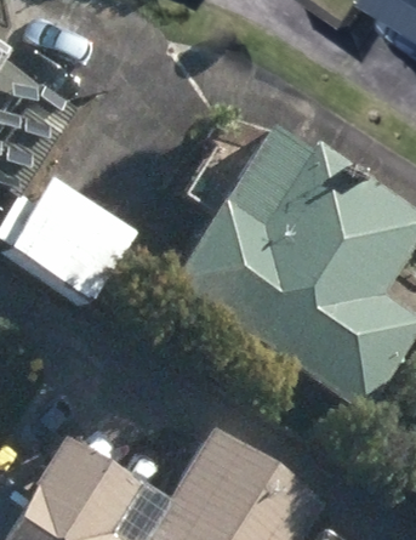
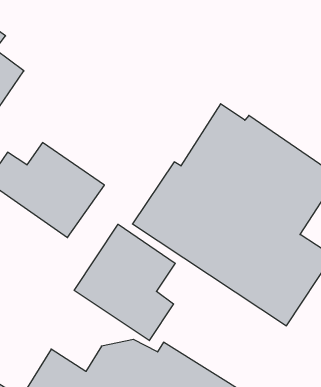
building: none -> [74,224,175,341]

